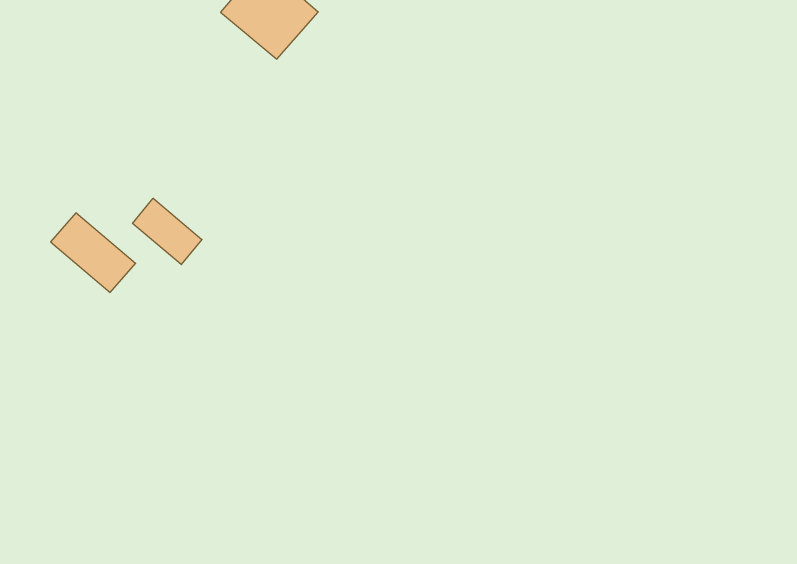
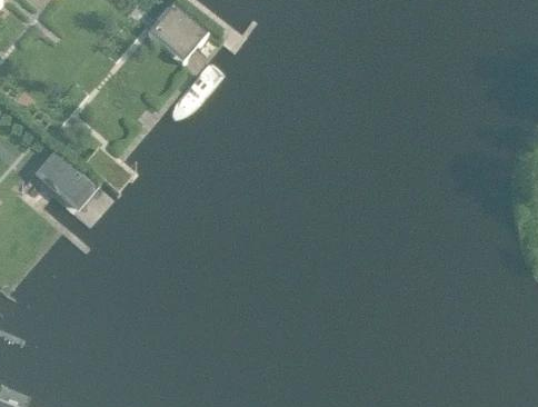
building: [133,198,202,265] -> none

